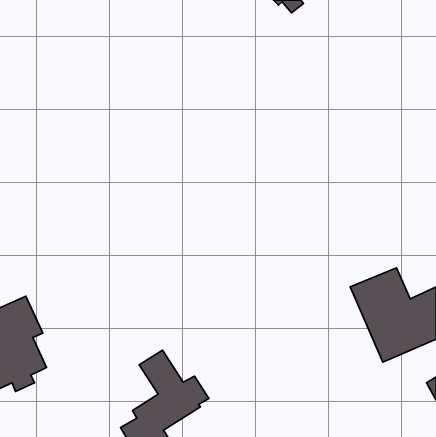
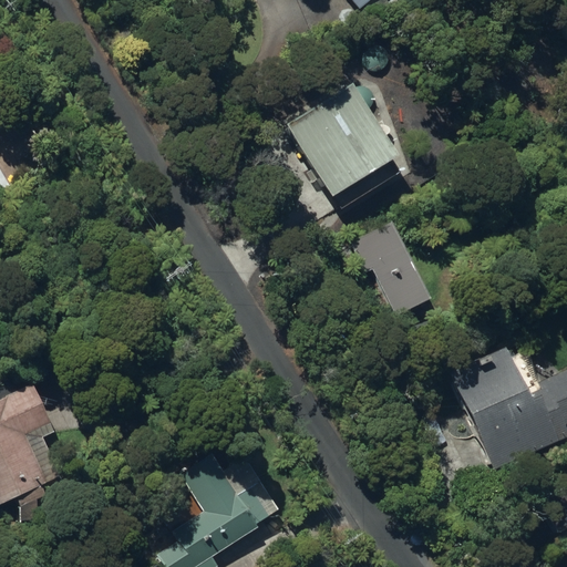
building: none -> [288,80,404,196]
building: none -> [352,228,431,317]

